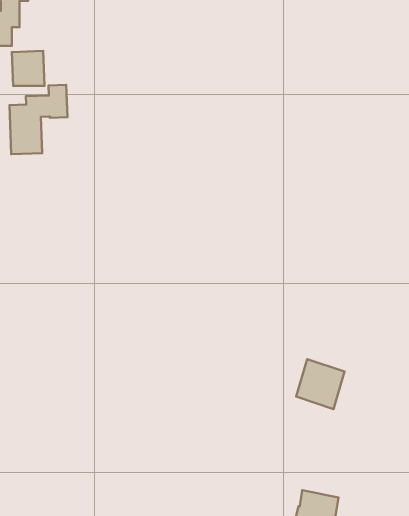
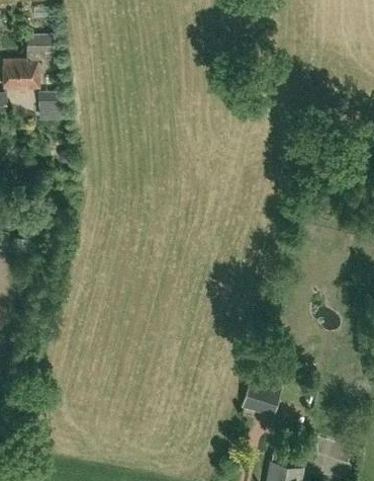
building: [10,85,67,154] -> none
building: [296,359,345,409] -> [242,378,281,418]

